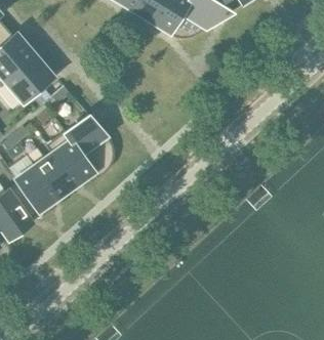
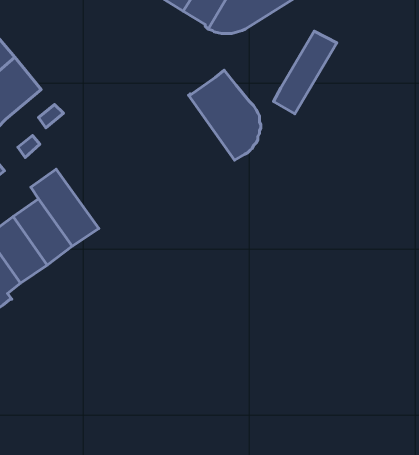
building: none -> [273,31,337,114]
building: [65,115,115,177] -> [189,70,261,160]

